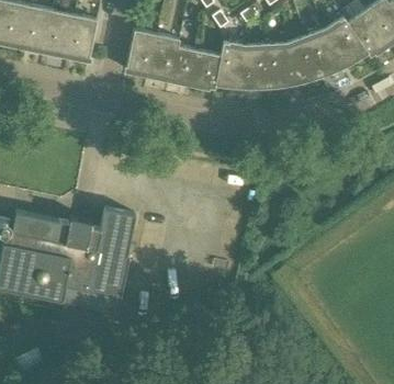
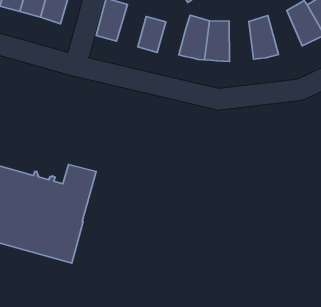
building: [306,30,345,77] -> none
building: [148,35,179,79] -> none
building: [266,44,294,88] -> none
building: [192,50,221,88] -> none

